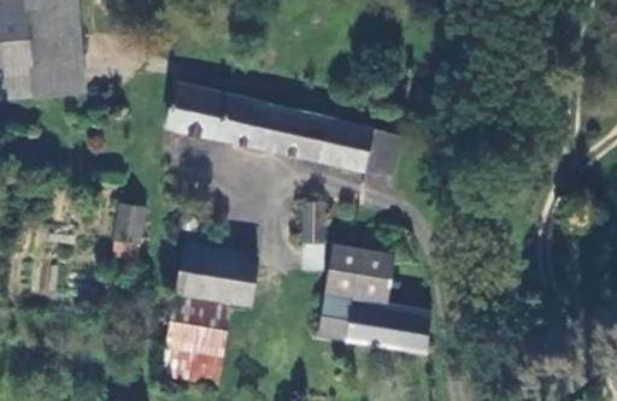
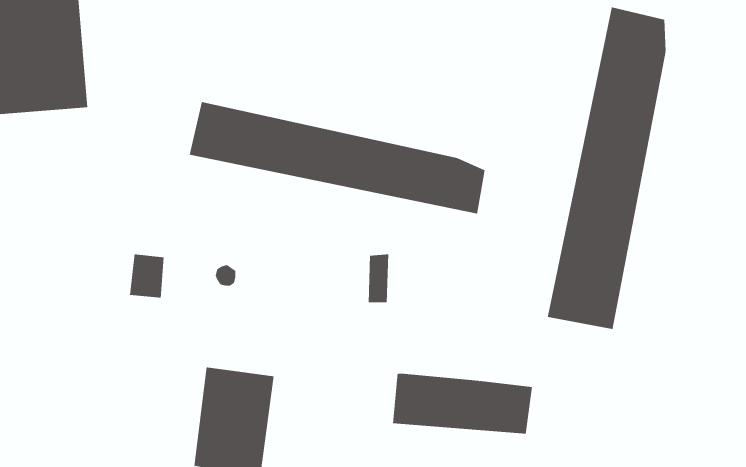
building: none -> [547,6,666,330]
building: [329,243,395,305] -> none
building: [175,249,253,303] -> none

